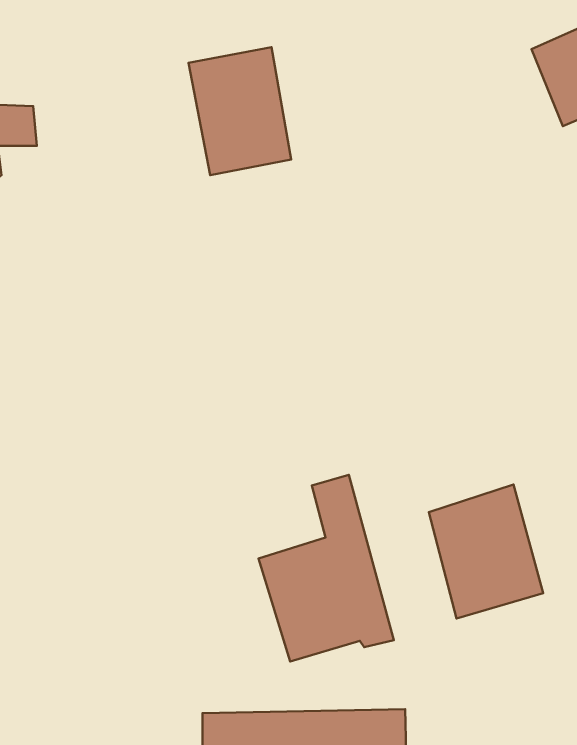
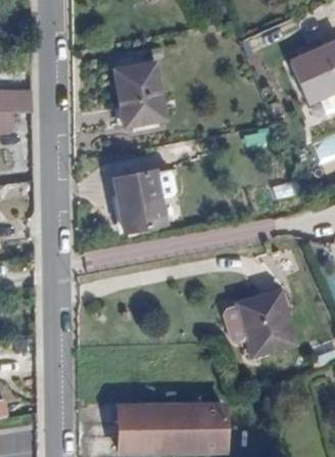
building: none -> [114,169,177,233]
building: [258,475,394,661] -> none

